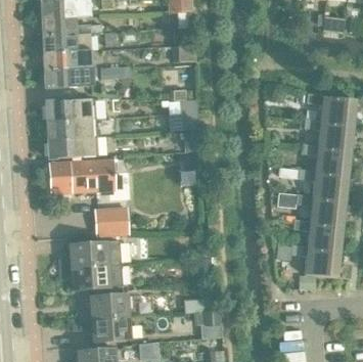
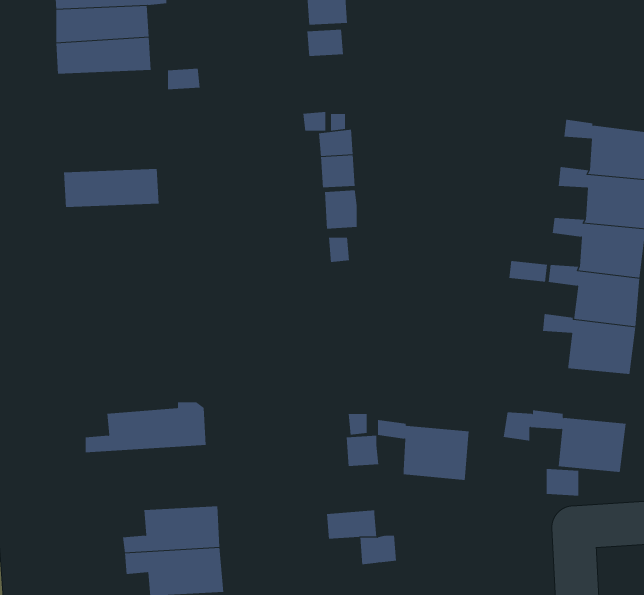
building: [44,67,94,87] -> none
building: [46,99,96,121] -> none
building: [48,137,98,159] -> none
building: [50,160,115,193] -> none
building: [96,208,128,235] -> none
building: [294,220,343,252] -> [377,420,469,480]
building: [58,264,110,289] -> none

